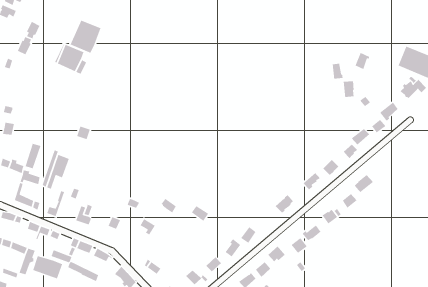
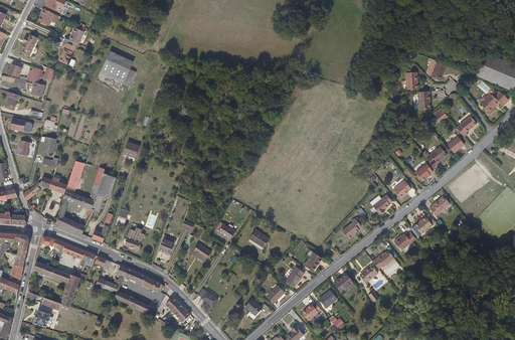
building: [70,20,101,54] -> none
building: [32,255,63,280] -> none

